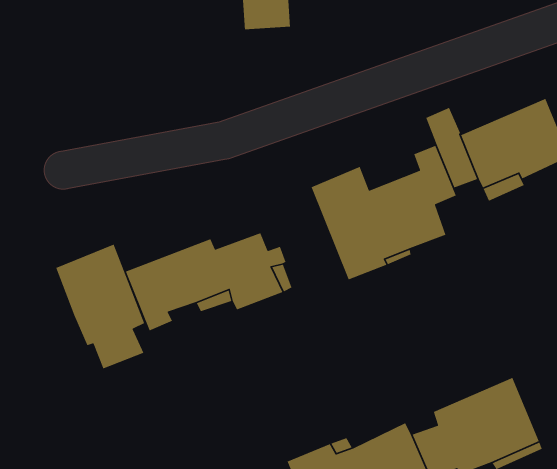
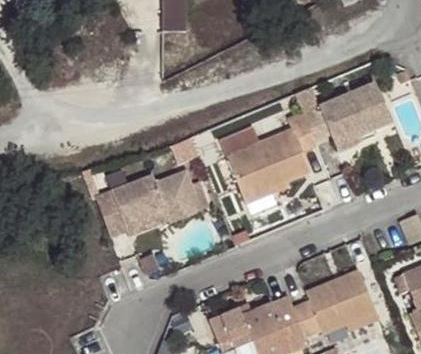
building: [55,244,145,369] -> none

